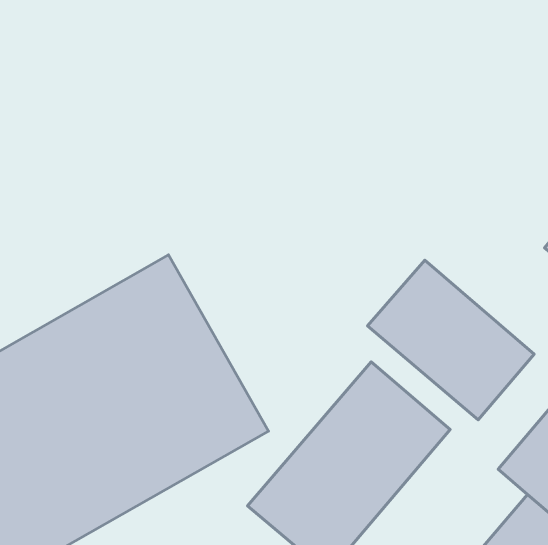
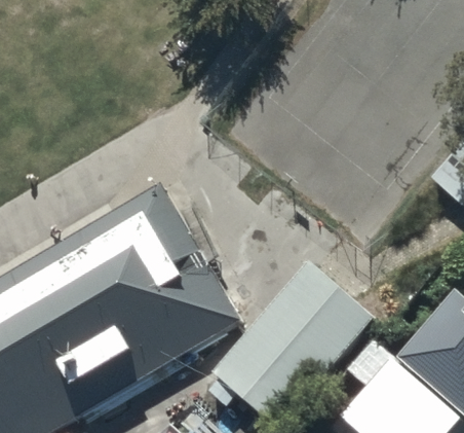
building: [368,260,534,420] -> none

